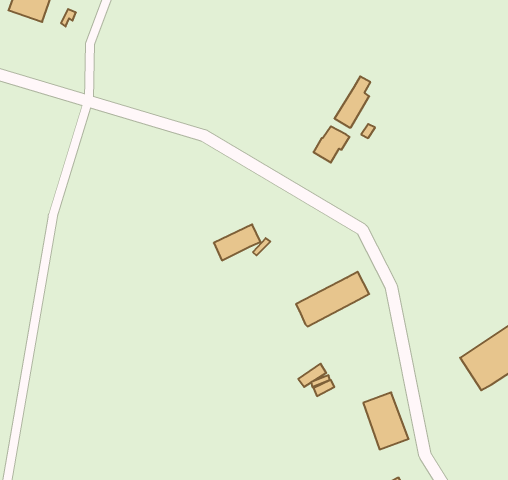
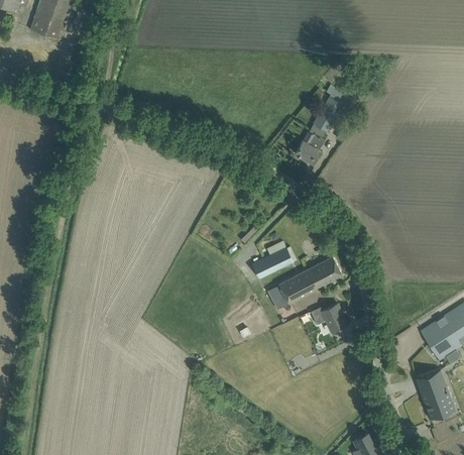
building: [214,224,260,260] -> [251,247,292,278]
building: none -> [310,304,344,332]
building: [363,392,409,449] -> [418,368,457,418]

